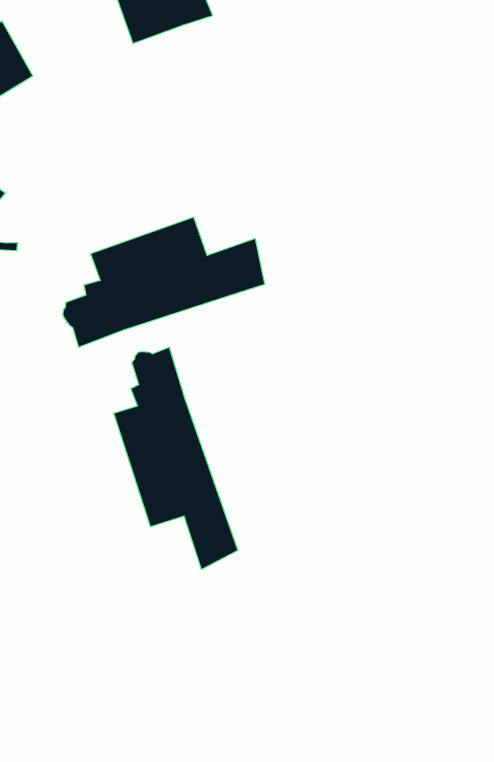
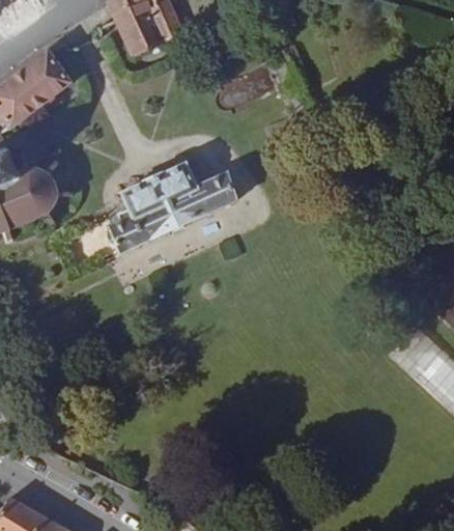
building: [114,347,238,569] -> none

